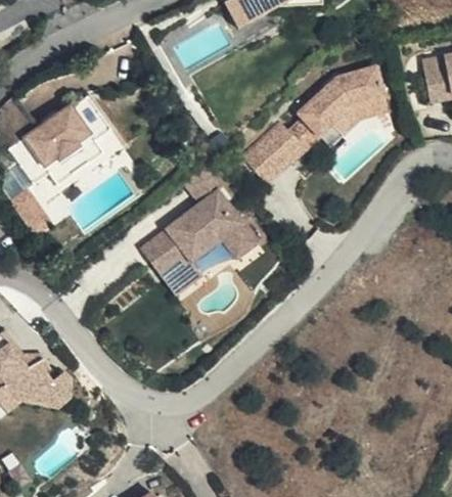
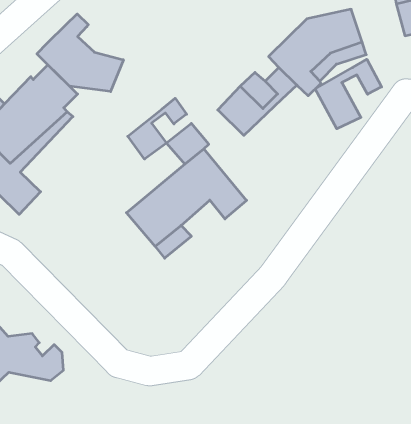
building: none -> [37,14,123,92]
building: none -> [315,59,382,129]
building: none -> [128,98,187,159]

